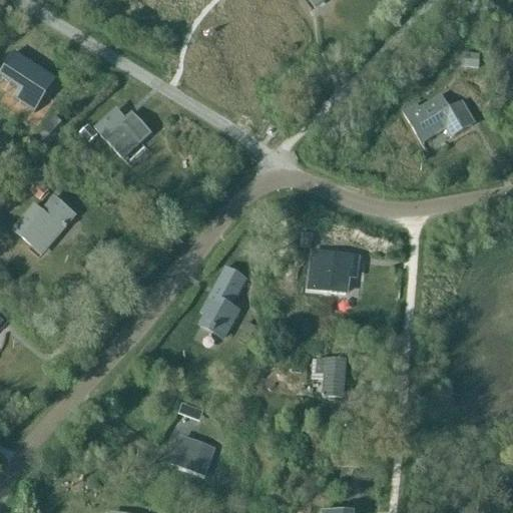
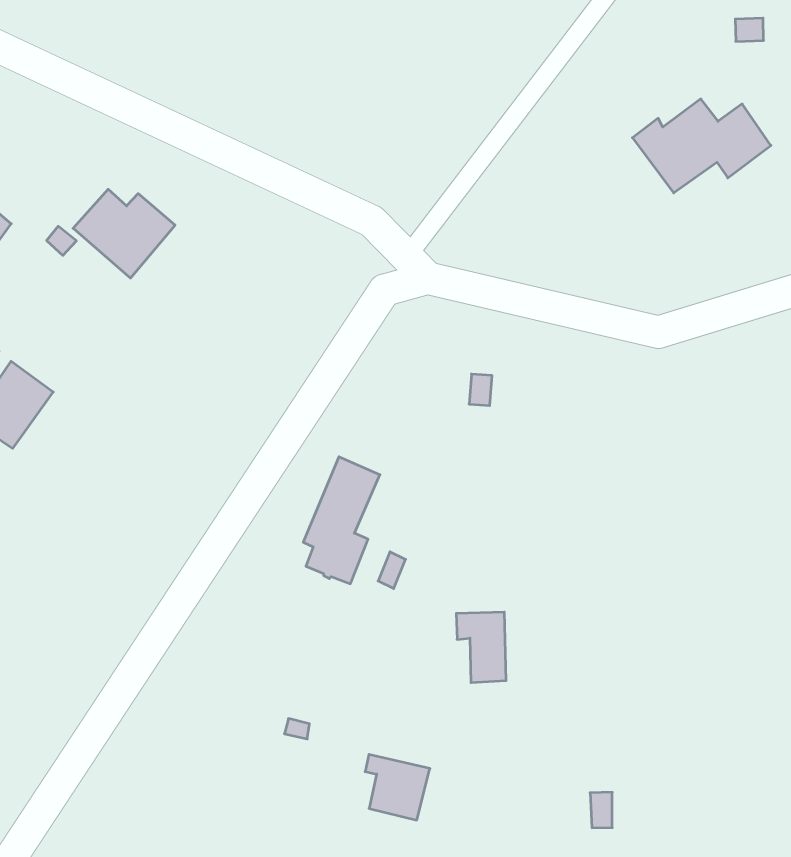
building: [309,249,359,292] -> none
building: [318,356,345,395] -> [456,612,506,683]
building: [179,436,214,474] -> [365,754,430,820]

